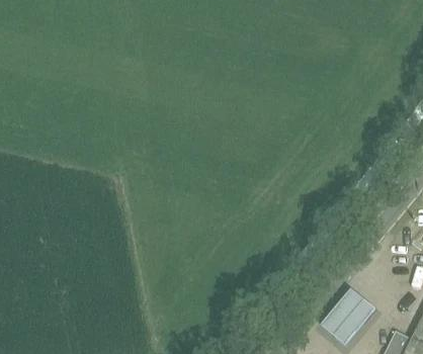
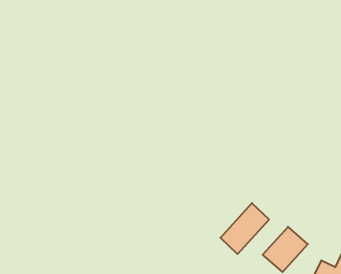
building: none -> [220,203,269,254]

